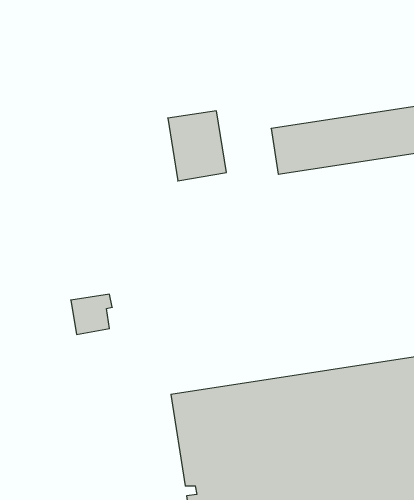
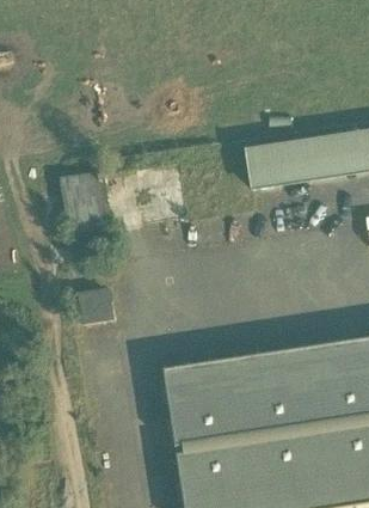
building: [168,111,226,181] -> [61,171,110,229]

